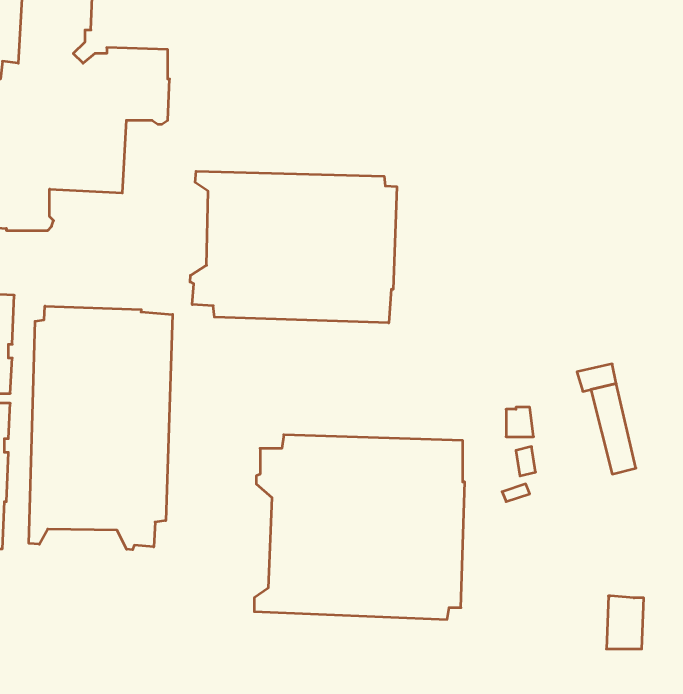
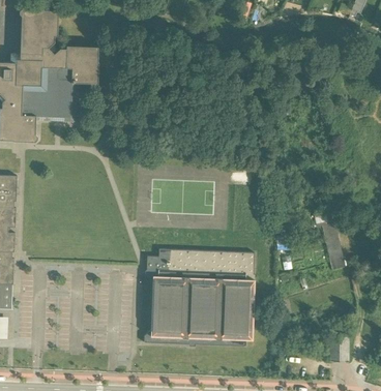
building: [190,171,397,323] -> none
building: [29,306,173,550] -> none

